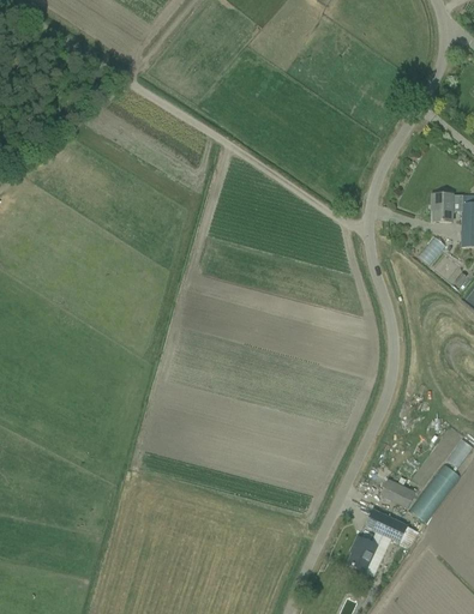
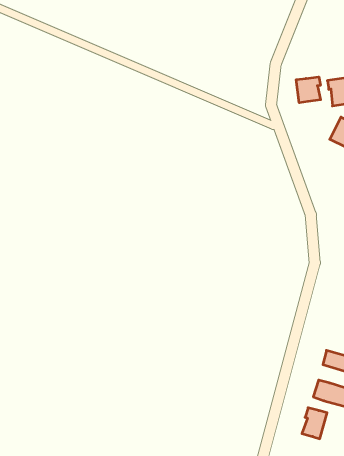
building: none -> [296,77,321,103]

